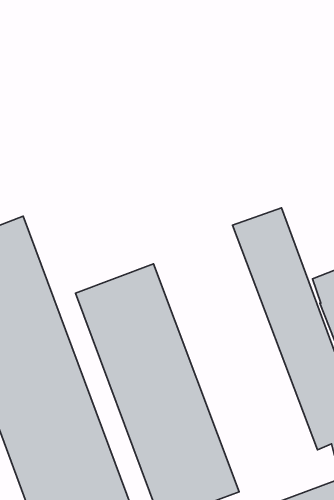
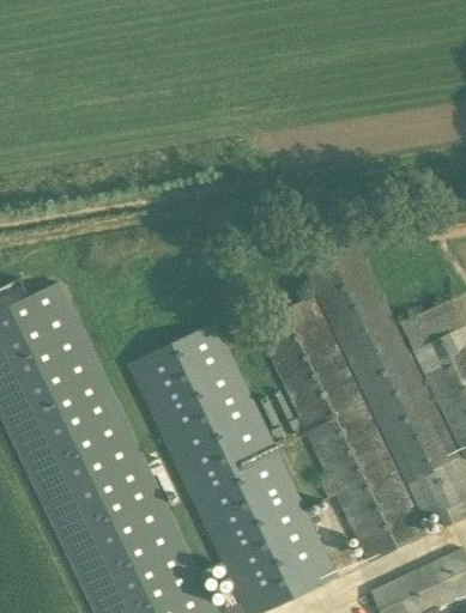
building: none -> [255,297,429,564]

